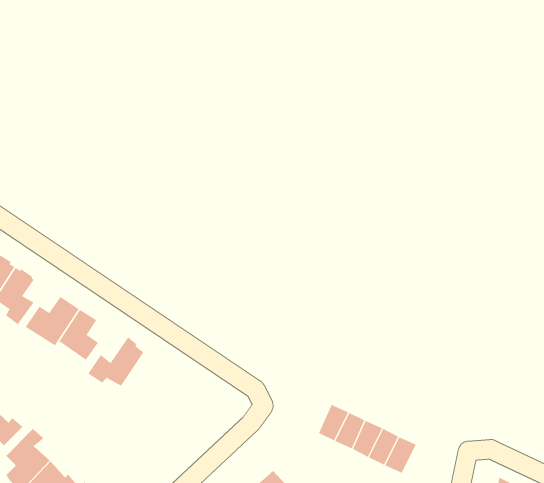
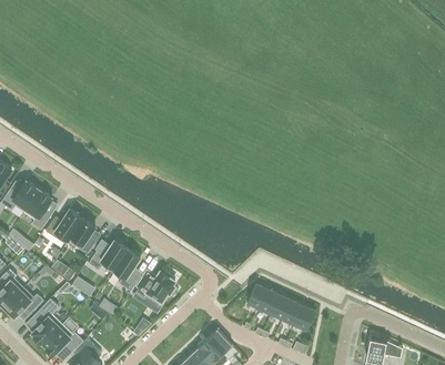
building: none -> [112,249,142,290]
building: none -> [135,268,178,306]

